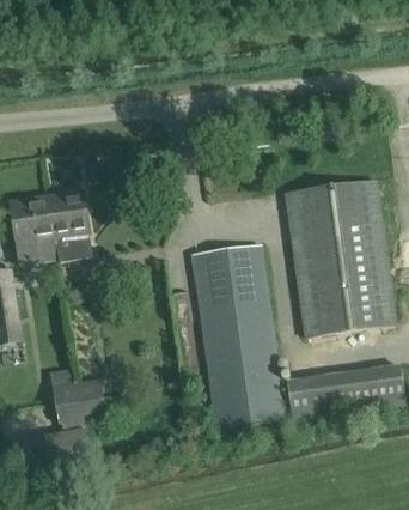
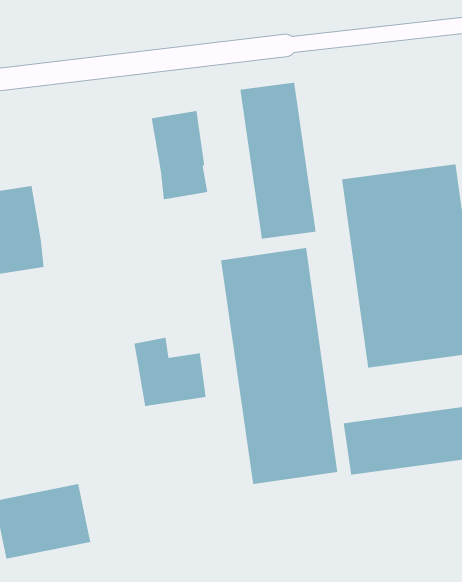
building: none -> [240,82,316,239]
building: [48,189,92,259] -> [151,110,208,200]
building: [49,365,105,419] -> [134,337,207,407]

